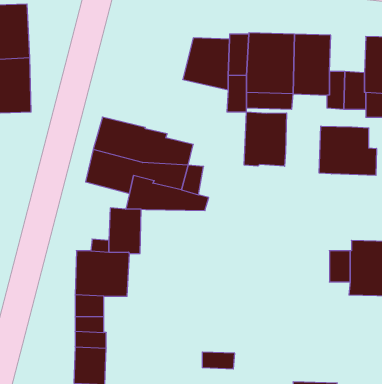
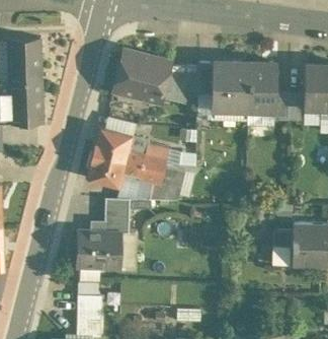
building: none -> [112,49,171,103]
building: [244,112,287,166] -> none
building: [319,126,376,175] -> none

